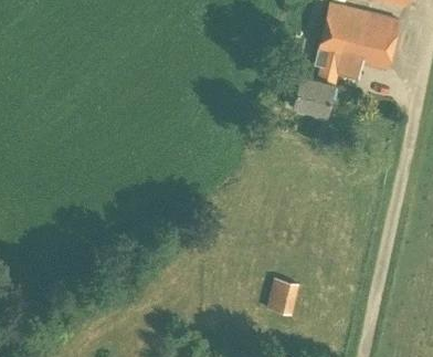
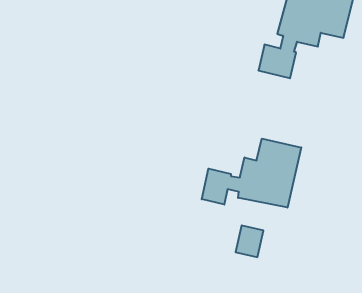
building: none -> [202,139,301,208]

